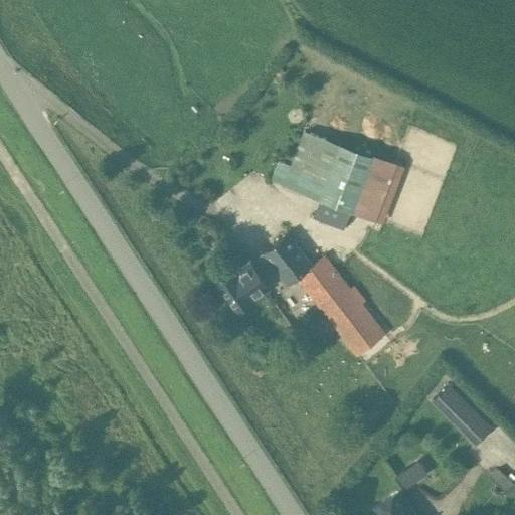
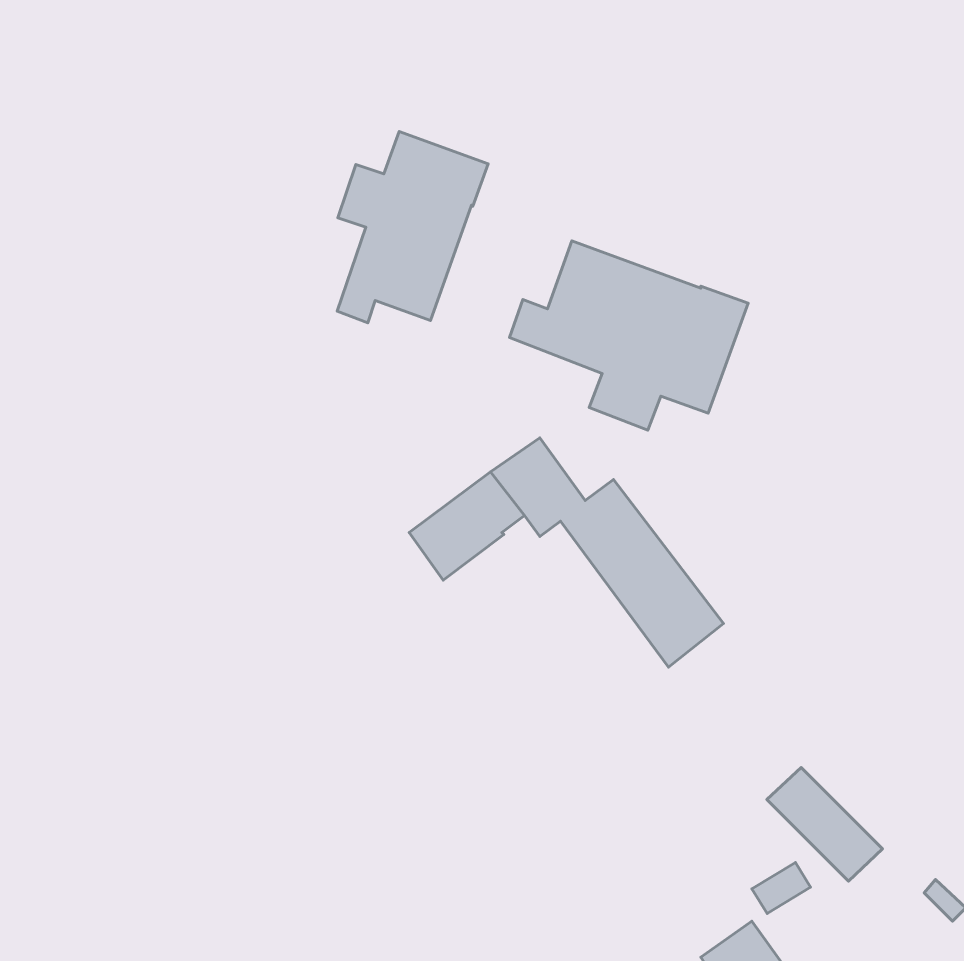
building: none -> [337,132,488,323]
building: [433,386,494,447] -> [767,767,882,881]

